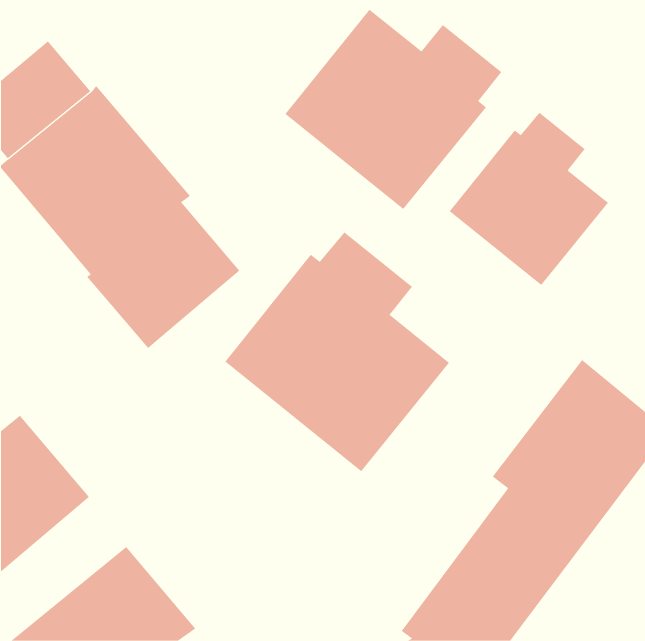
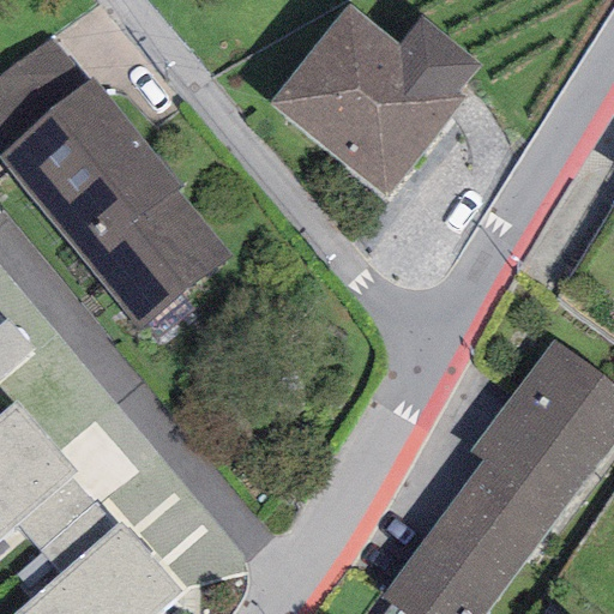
building: [449,112,609,286] -> none
building: [224,231,450,472] -> none

